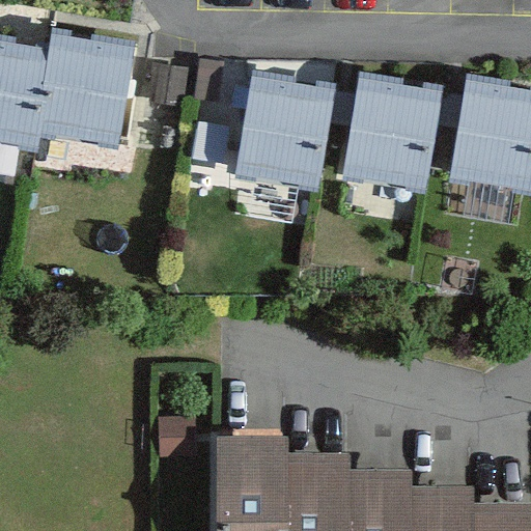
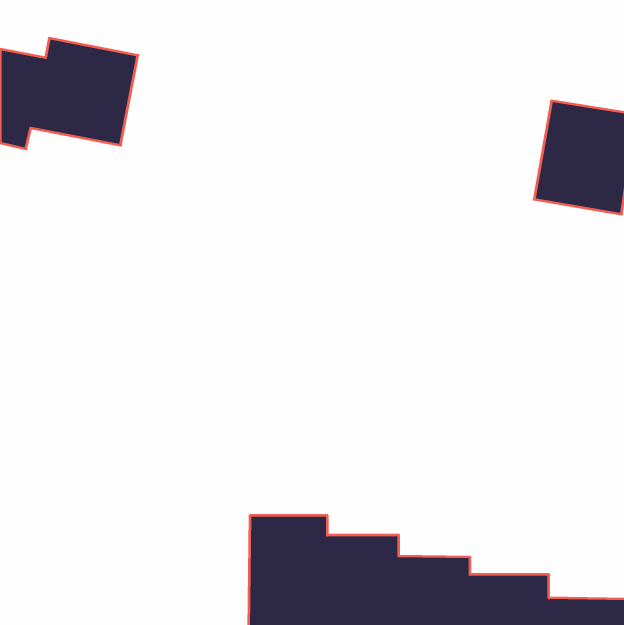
building: [346,85,432,179] -> none
building: [240,86,323,175] -> none

